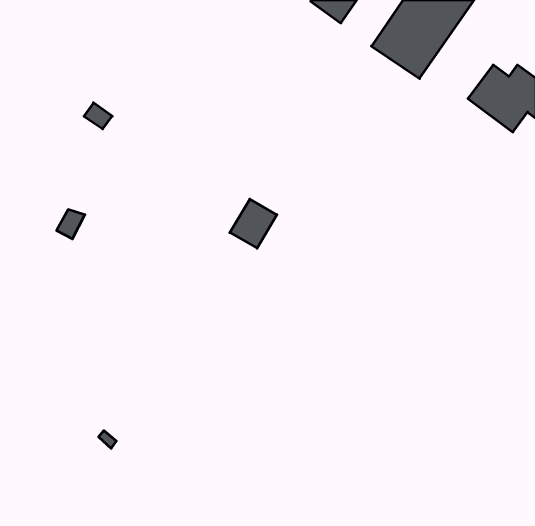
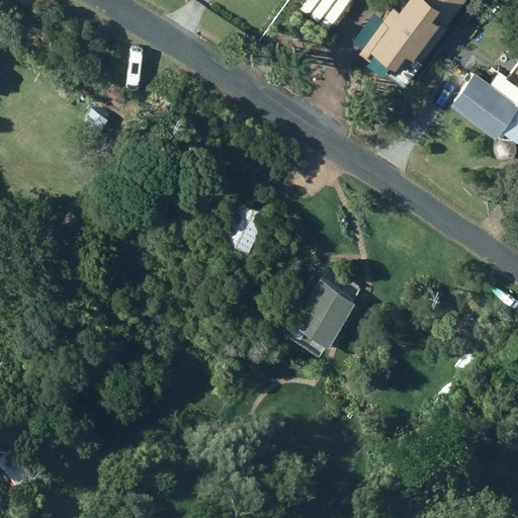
building: none -> [295,277,355,338]

